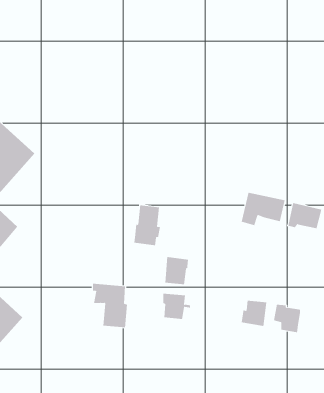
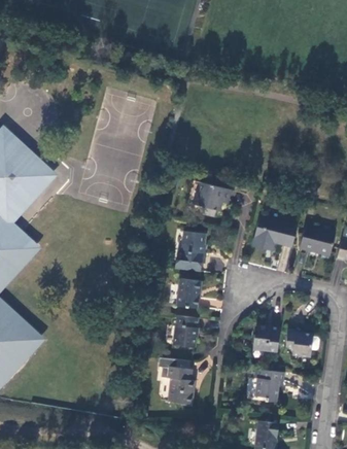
building: none -> [194,183,232,217]
building: [133,205,161,246] -> [178,231,206,272]
building: [92,283,128,328] -> [159,357,195,403]
building: none -> [252,366,285,400]

